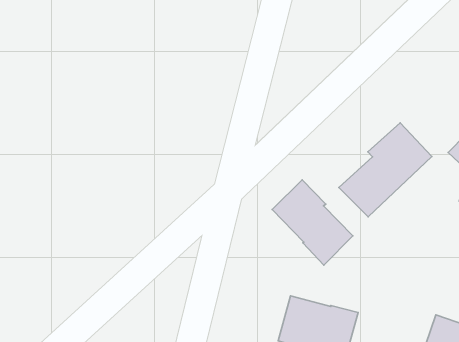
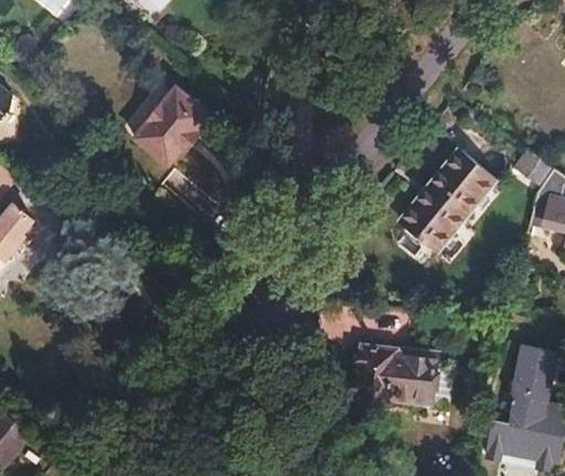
building: none -> [131,87,207,167]
building: [272,180,353,265] -> none

